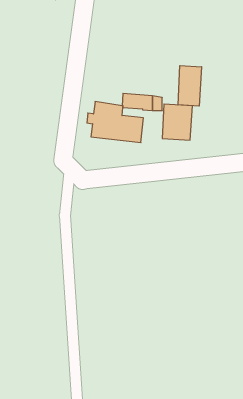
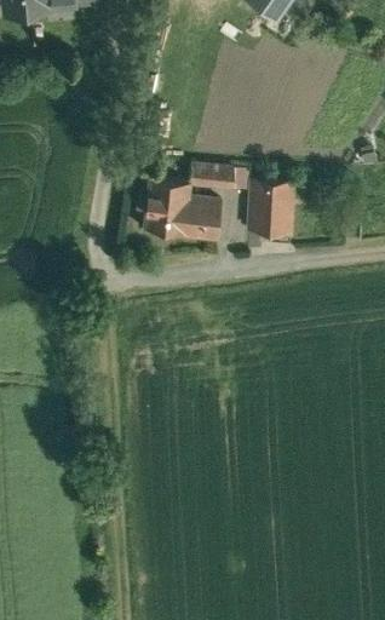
building: [178,66,202,106] -> none

